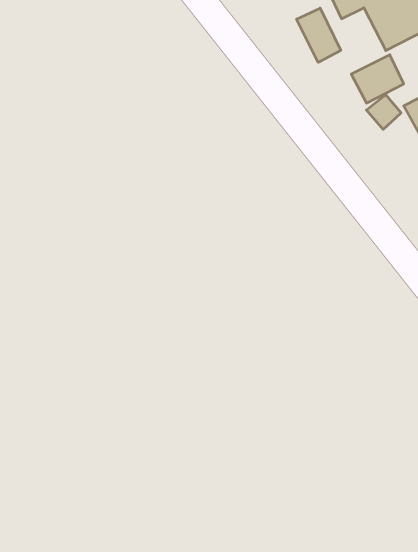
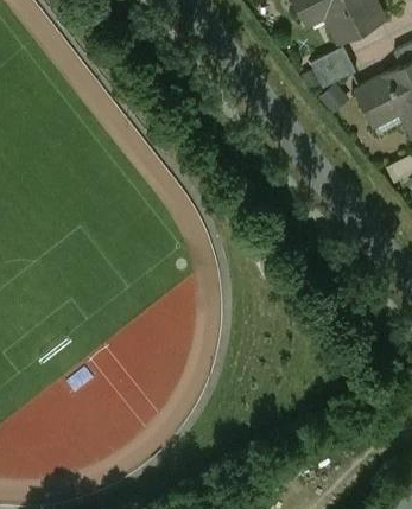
building: [297,8,341,62] -> none

